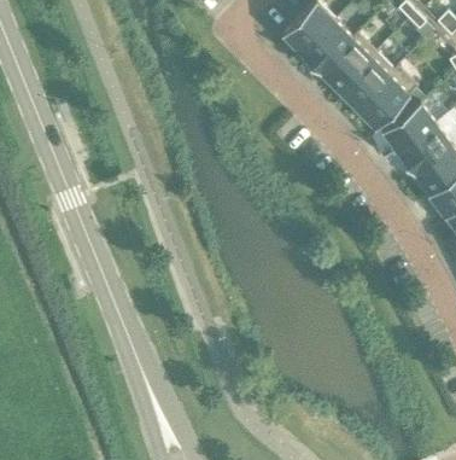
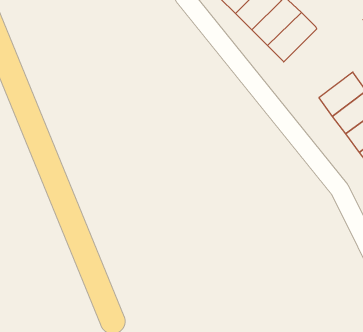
building: [357,66,419,129] -> none
building: [382,103,438,153] -> none

